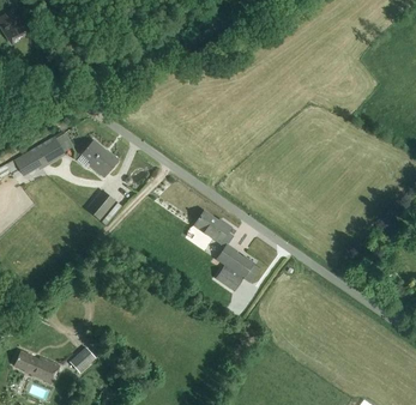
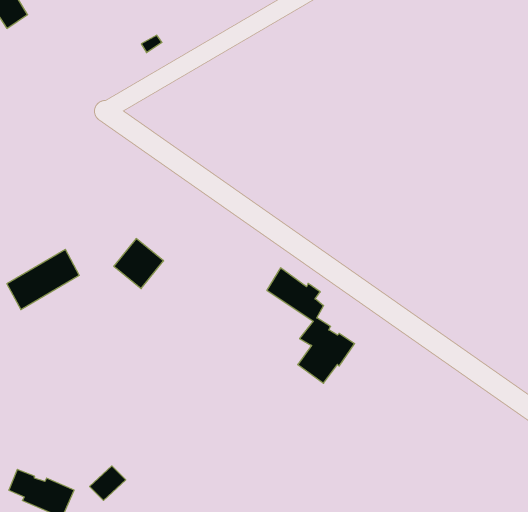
building: [13,135,64,177] -> [7,249,79,310]
building: [82,141,117,177] -> none

